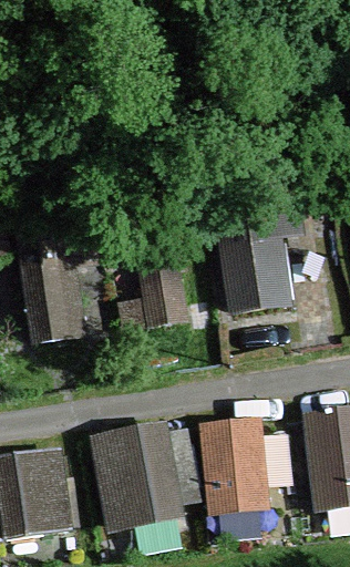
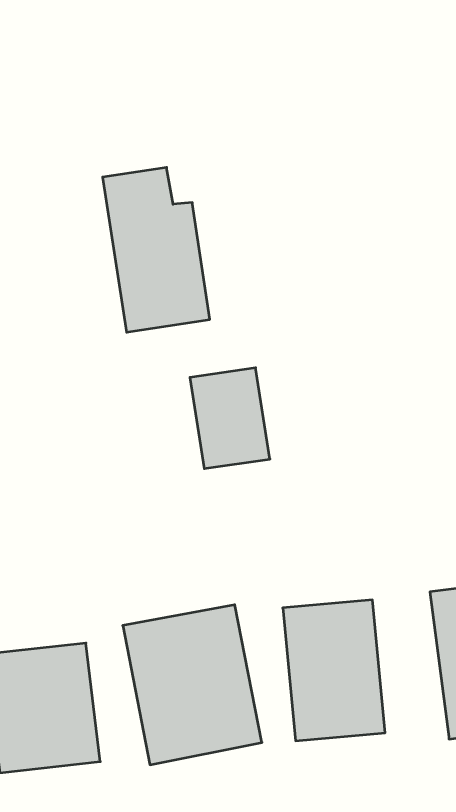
building: [215,214,295,317] -> none
building: [14,230,89,344] -> [103,167,210,332]

